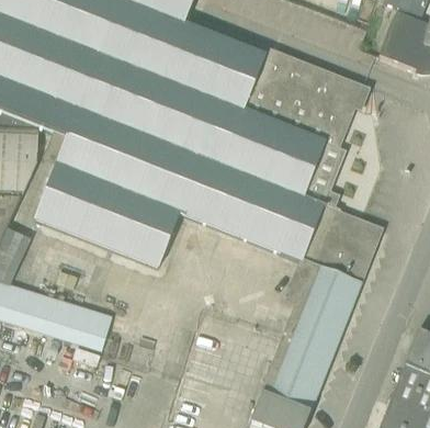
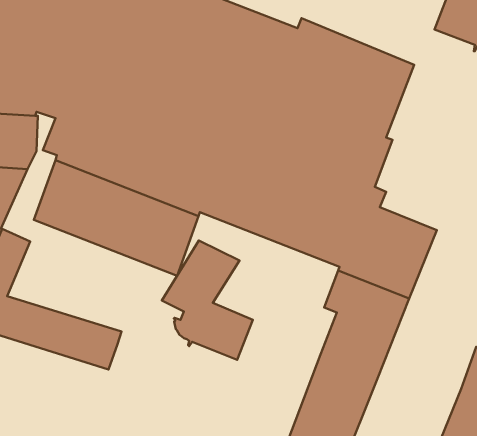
building: none -> [162,241,253,360]

